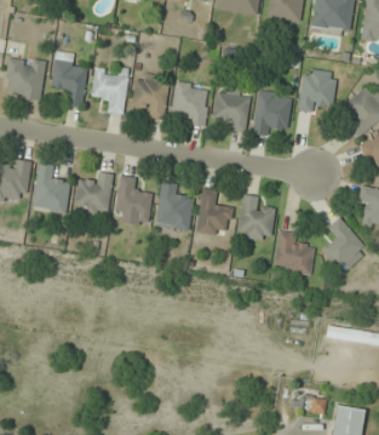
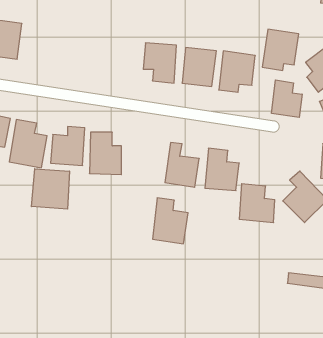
building: [51,51,87,107] -> none
building: [91,68,128,113] -> none
building: [133,74,168,118] -> none
building: none -> [272,80,302,117]
building: [156,182,194,230] -> [153,198,188,244]
building: none -> [31,169,69,209]

